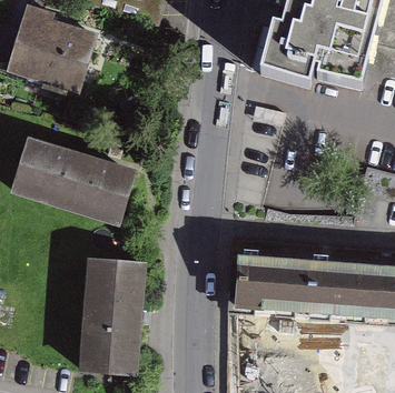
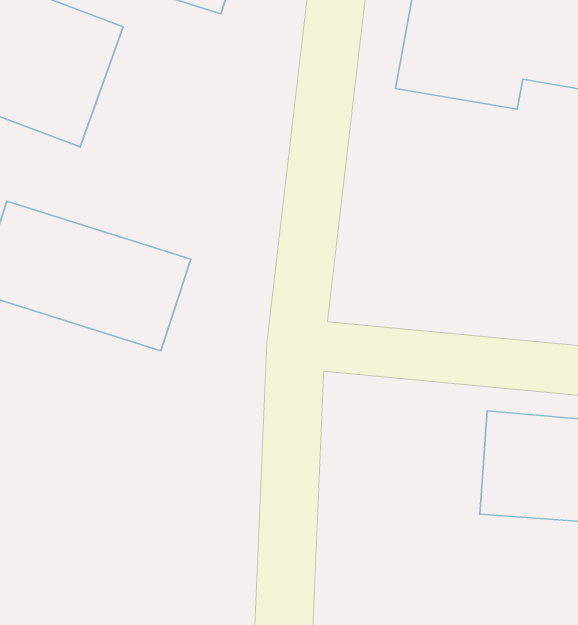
building: [230,251,314,320] -> none
building: [86,258,155,374] -> none

